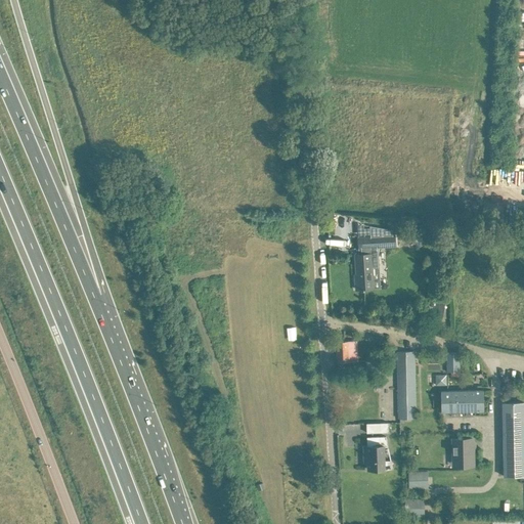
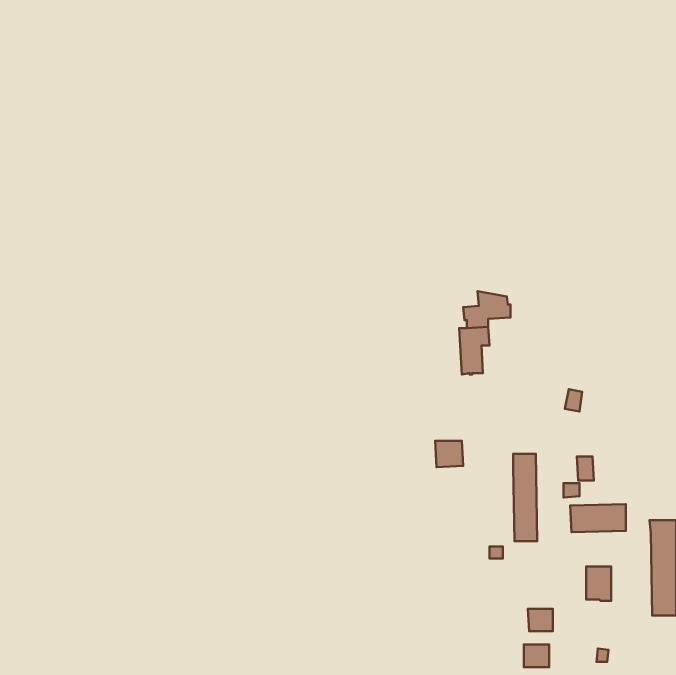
building: [364,437,393,472] -> none

